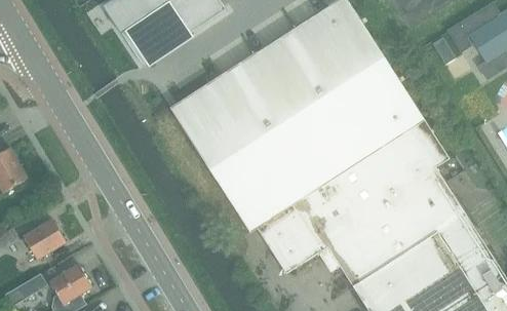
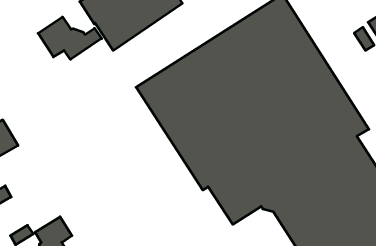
building: none -> [38,17,102,59]
building: [23,219,66,259] -> none

